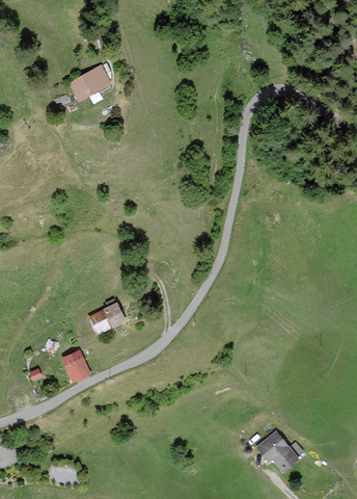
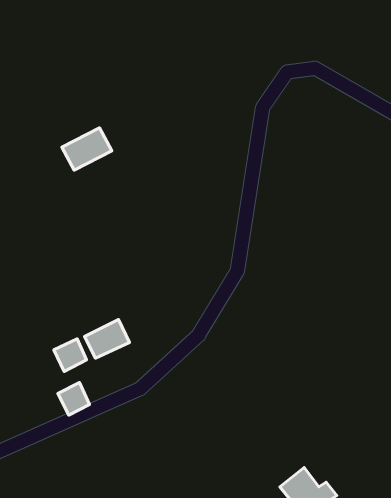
building: [70,64,112,101] -> [62,128,112,170]
building: none -> [54,339,86,371]

